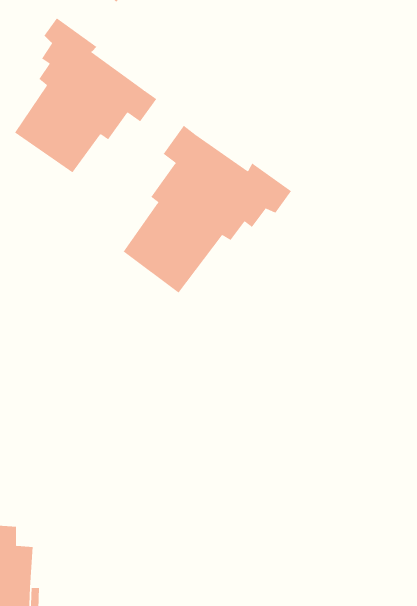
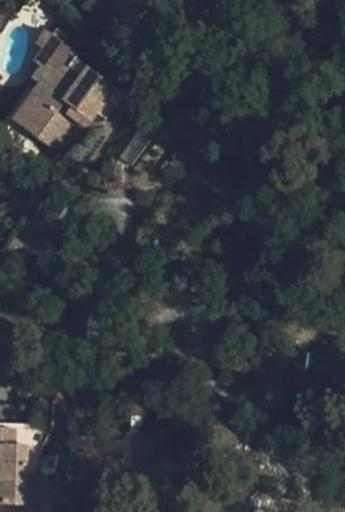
building: [123,125,292,294] -> none

